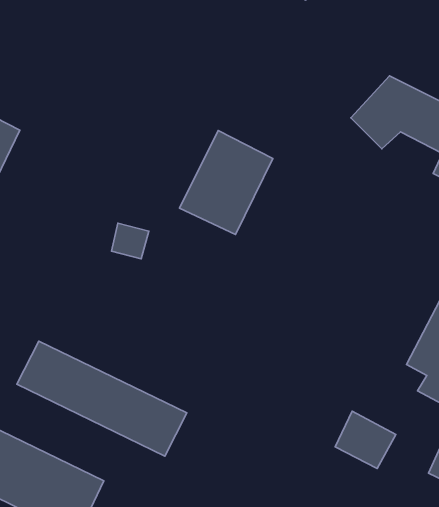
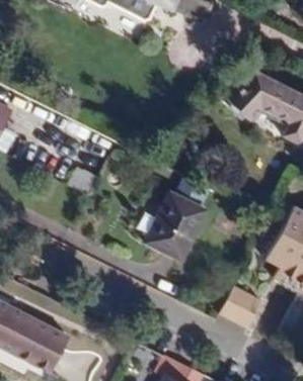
building: [179,130,273,234] -> [144,191,205,259]
building: [17,341,187,456] -> none

